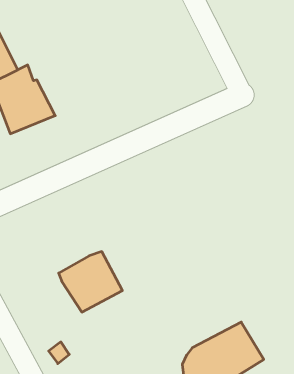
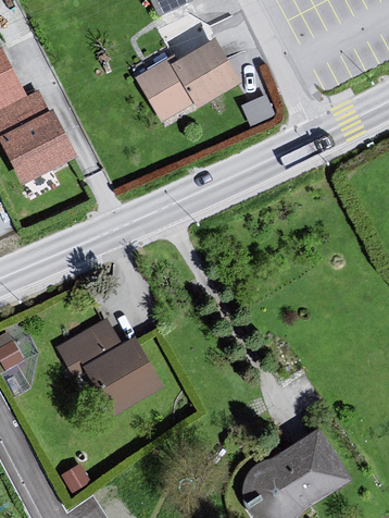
building: none -> [135,38,239,125]
building: none -> [55,319,120,382]

